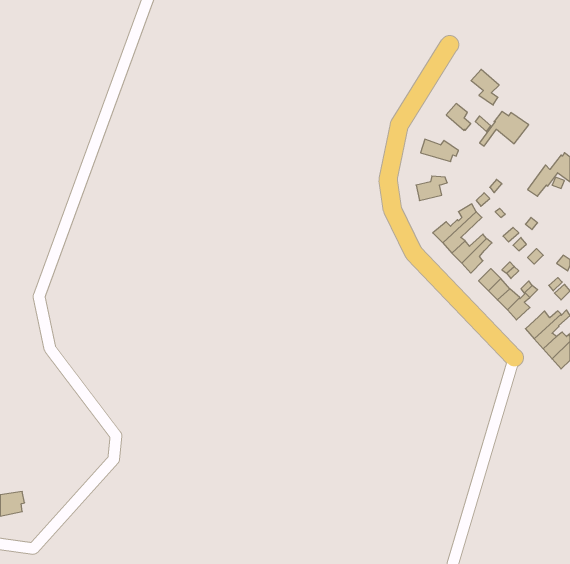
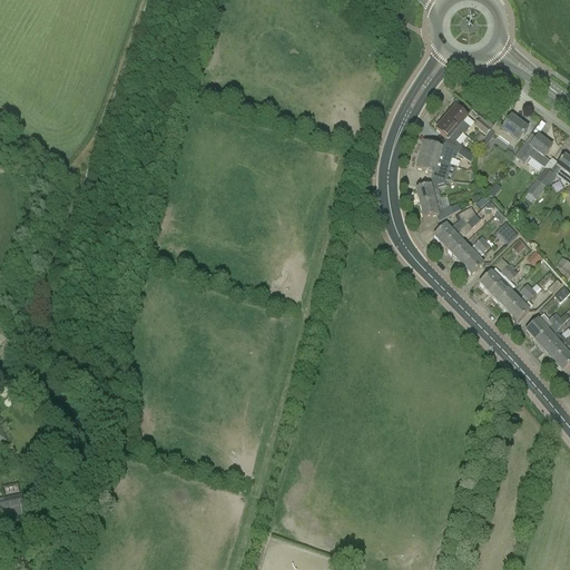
building: [471,69,499,105] -> [435,115,463,150]
building: none -> [514,132,551,165]
building: none -> [416,153,450,177]
building: none -> [419,195,460,218]

